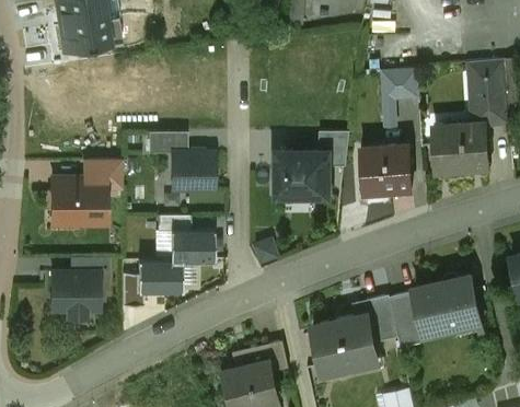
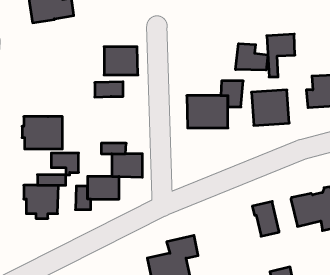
building: none -> [236,44,268,70]
building: [170,153,216,191] -> [104,47,138,75]
building: [84,161,122,190] -> [51,153,79,175]
building: [389,292,423,335] -> none
building: [312,314,375,373] -> none

